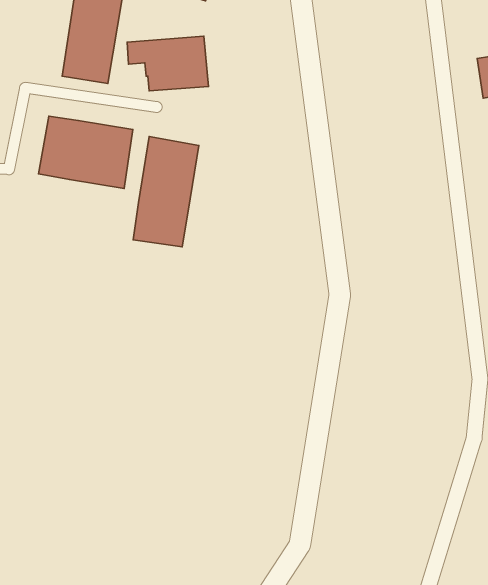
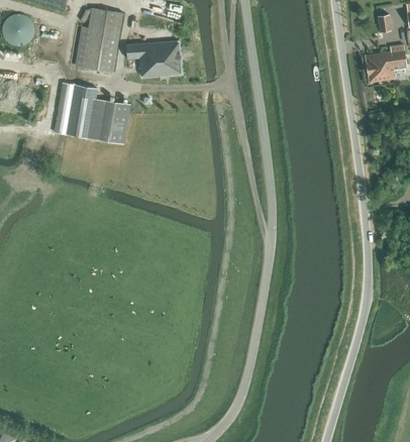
building: [133,137,199,247] -> none

